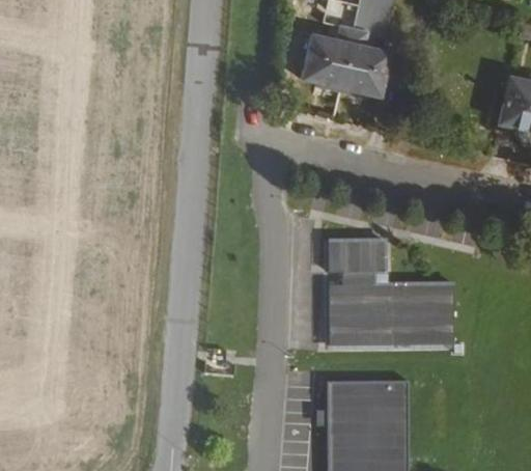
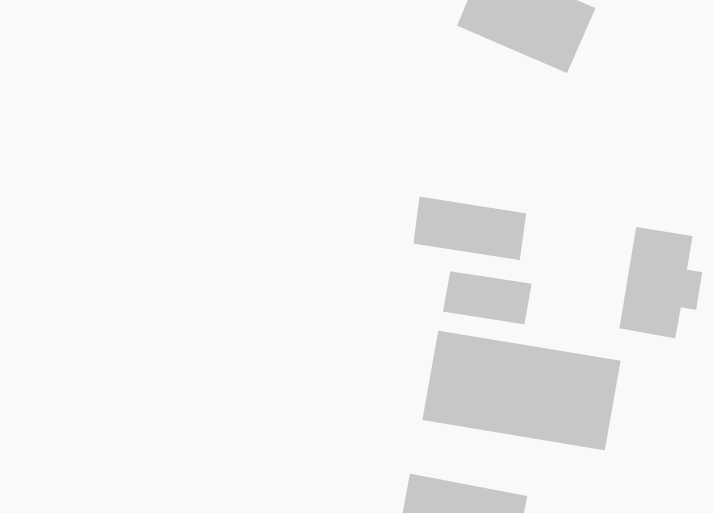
building: none -> [619,226,703,339]
building: none -> [413,196,527,261]

